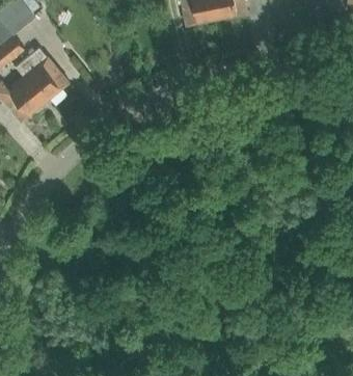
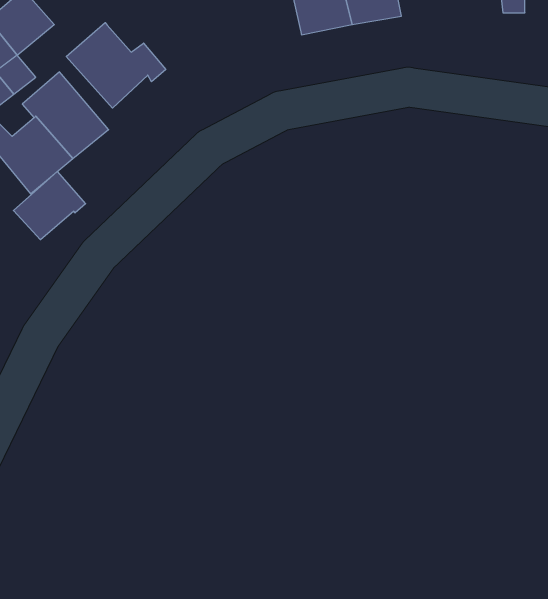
building: none -> [66,23,166,108]
building: none -> [13,172,86,240]

